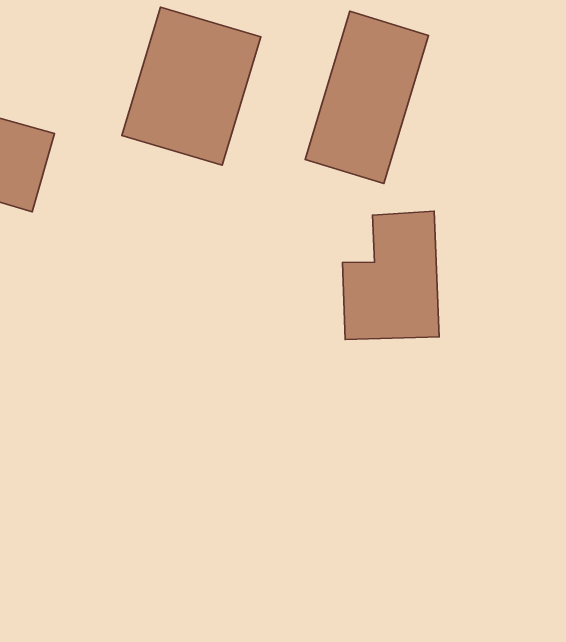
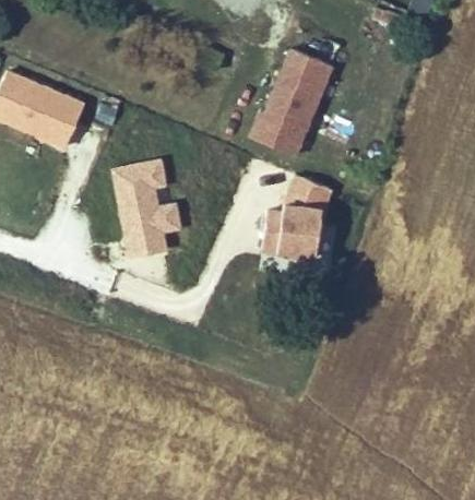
building: [122,7,261,165] -> none
building: none -> [109,158,182,260]

